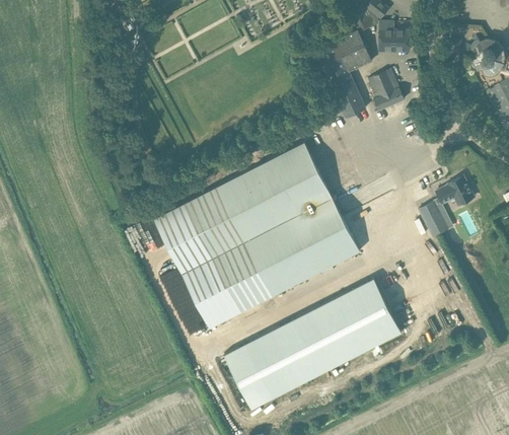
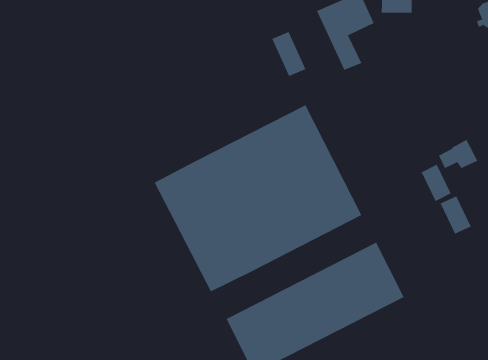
building: [368,69,404,111] -> none
building: none -> [272,31,306,77]
building: none -> [440,195,472,235]

